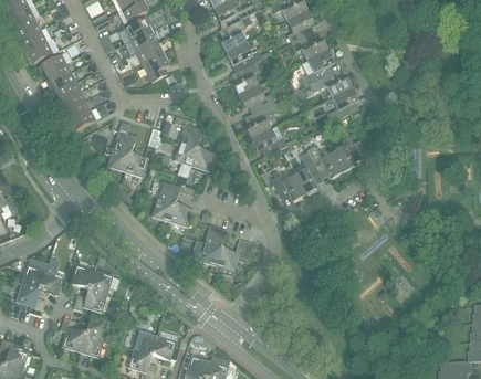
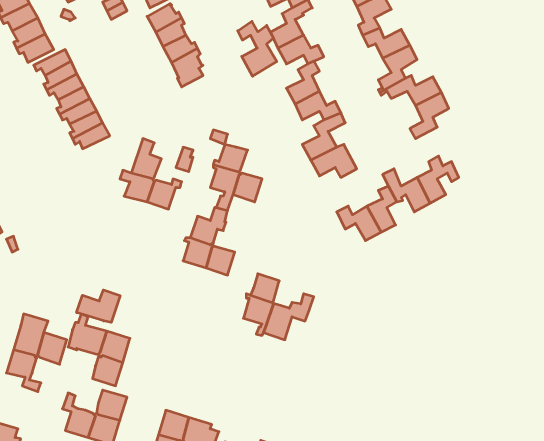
building: none -> [238,21,277,76]
building: none -> [77,290,120,322]

